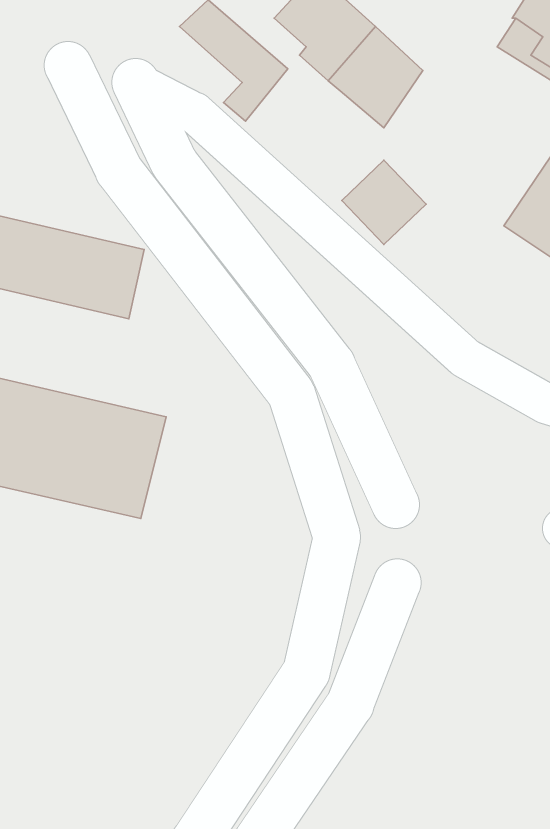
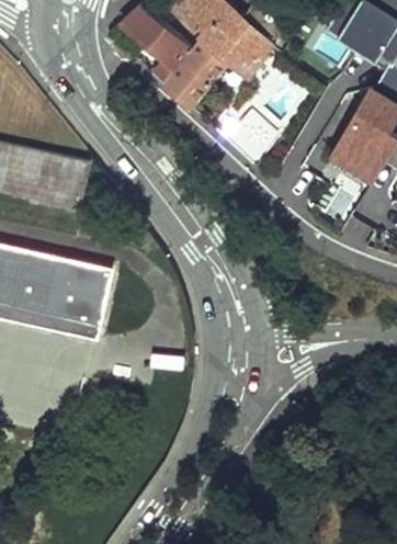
building: none -> [160,37,222,102]

